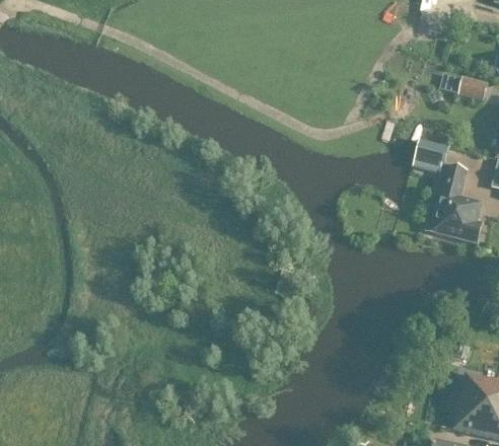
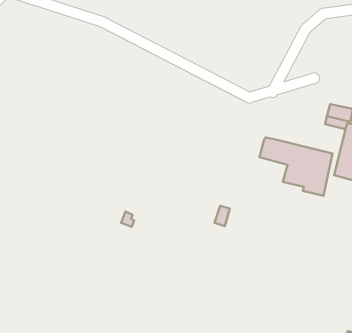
building: none -> [259,137,332,196]

